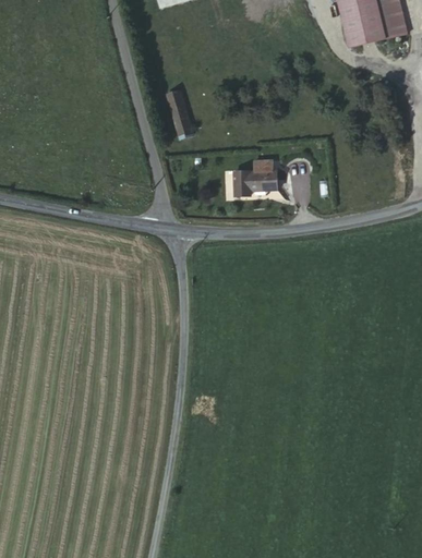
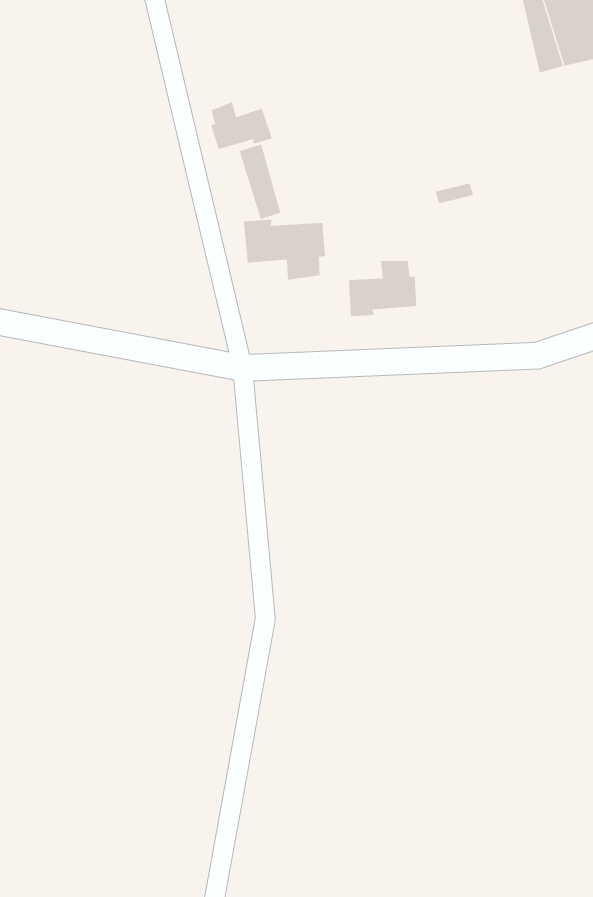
building: none -> [211,101,272,150]
building: none -> [243,219,326,281]

